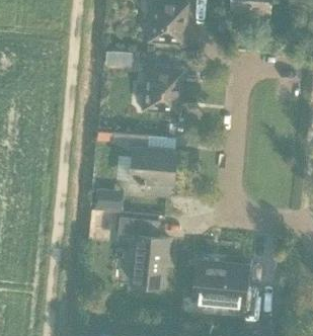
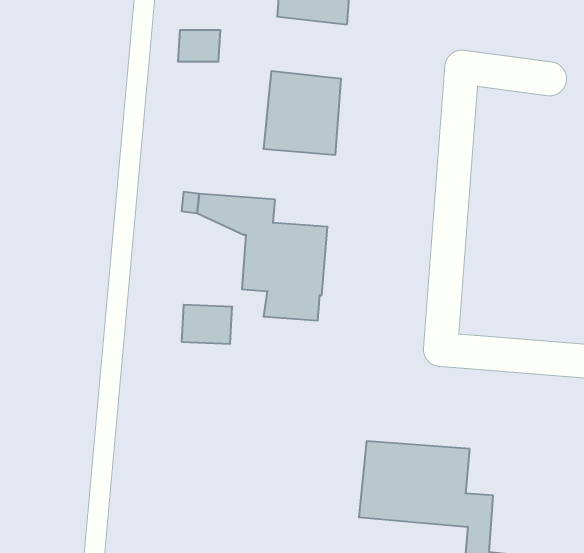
building: [115,217,166,288] -> none

